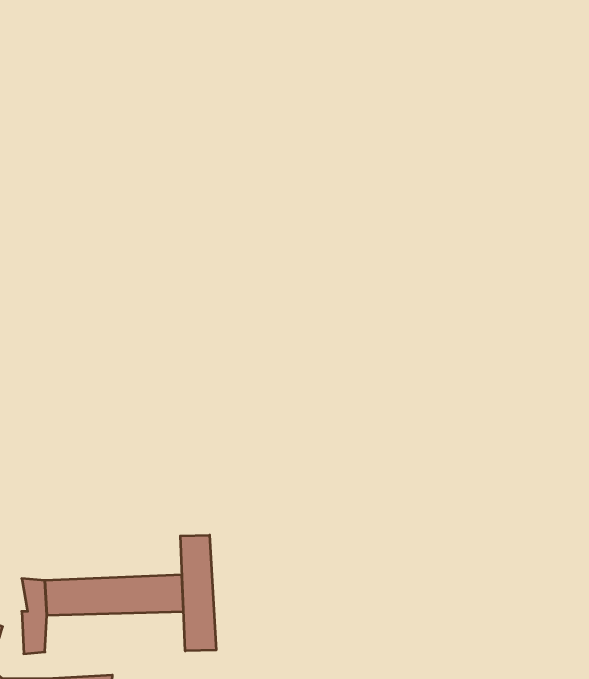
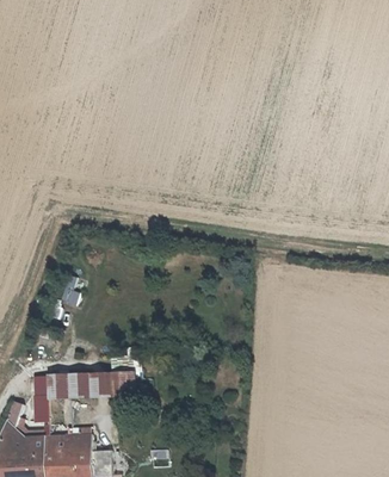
building: [180,535,216,651] -> none

